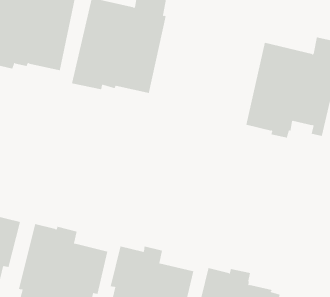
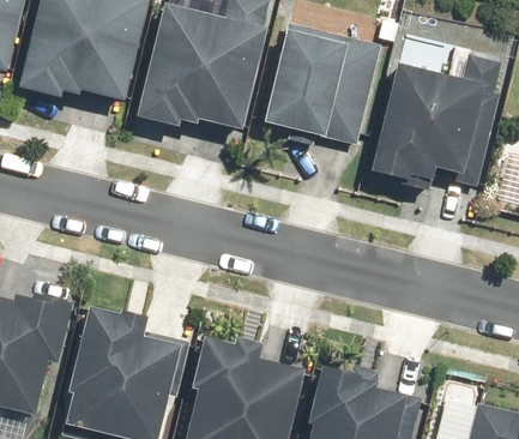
building: none -> [265,23,381,146]

